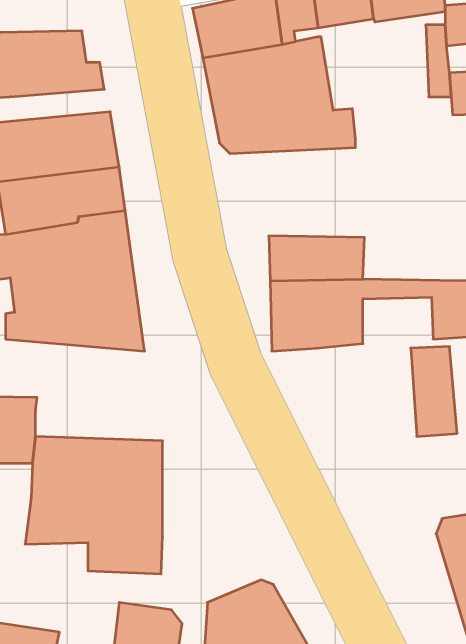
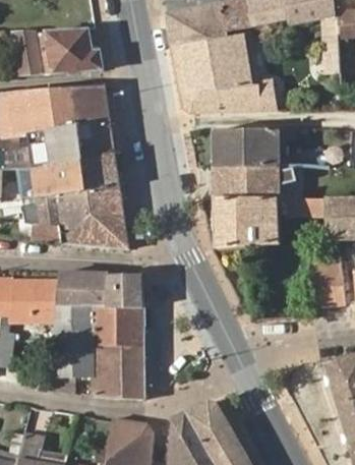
building: none -> [212,129,292,169]
building: none -> [54,273,141,307]

